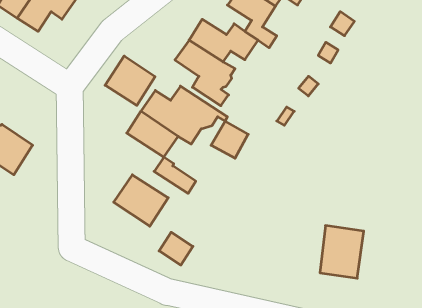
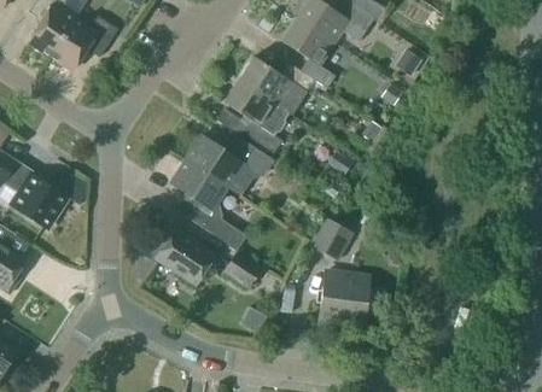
building: [105,56,155,105] -> none
building: [211,121,248,158] -> [310,217,351,258]
building: [320,226,364,278] -> [320,270,368,328]
building: [159,232,193,265] -> [225,251,262,287]

